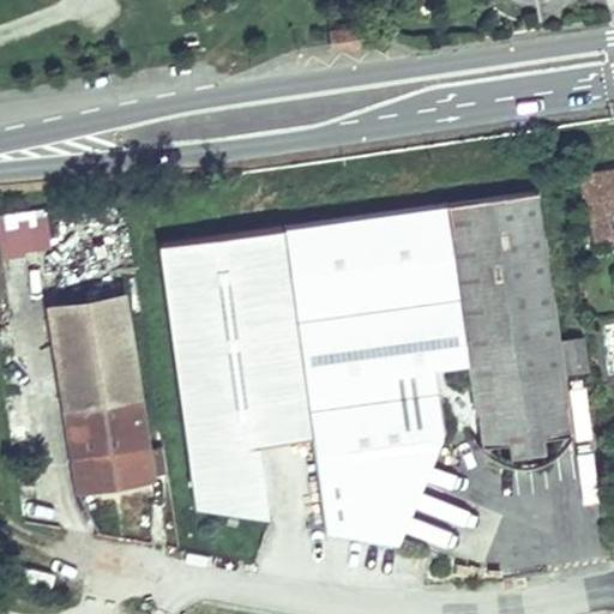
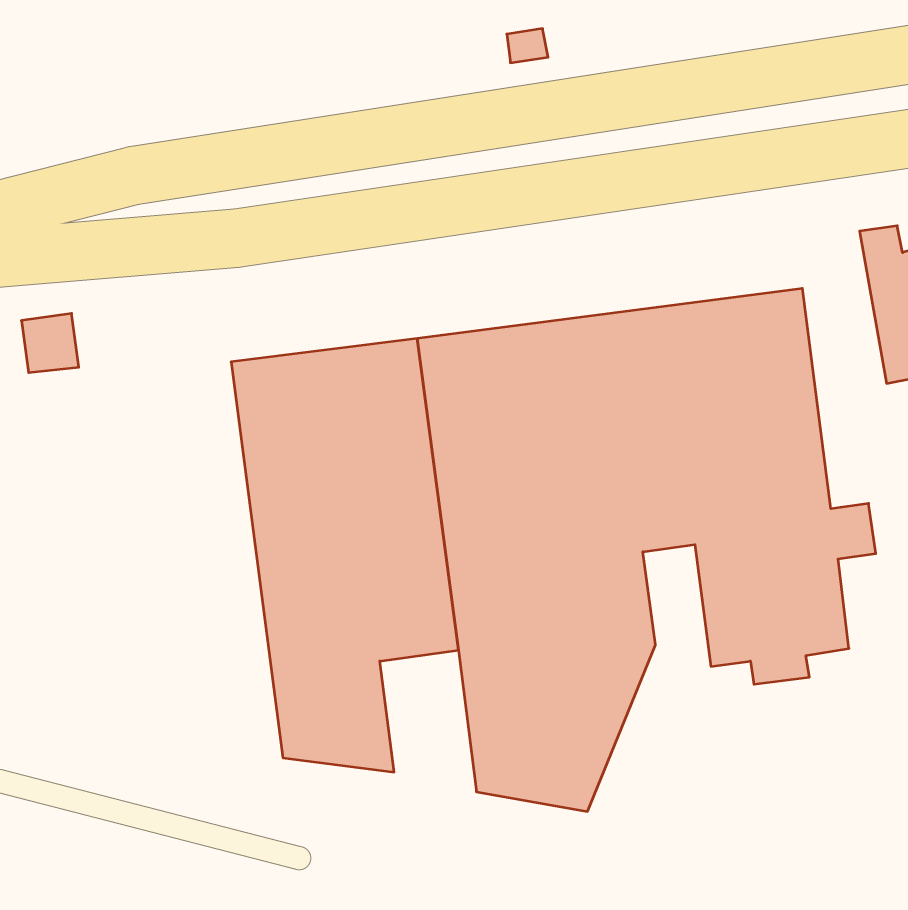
building: [46,295,156,496] -> none

